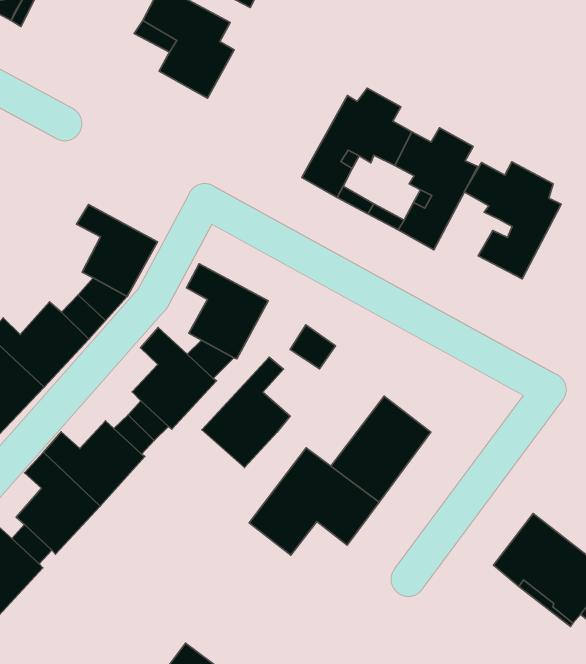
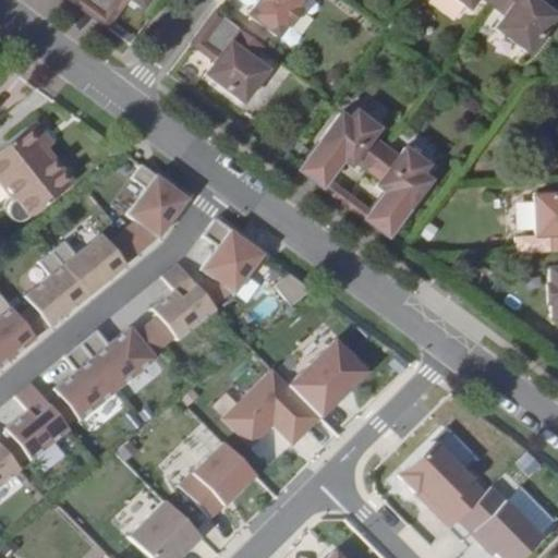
building: [464,162,561,279] -> none
building: [202,357,290,467] -> none
building: none -> [181,440,256,515]

